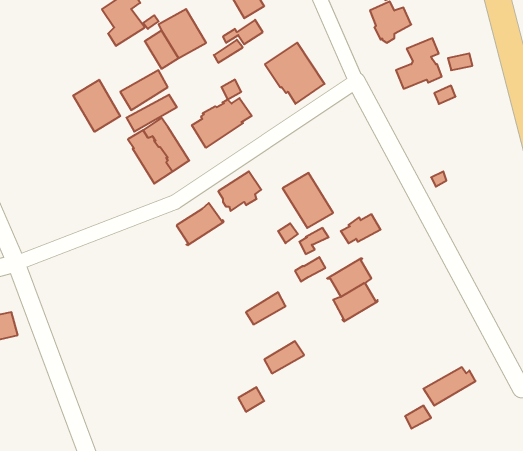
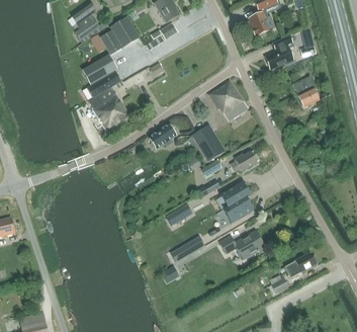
building: [265,43,325,104] -> [208,80,248,120]
building: [73,80,120,132] -> none
building: [192,98,252,148] -> none
building: none -> [296,76,320,107]
building: [177,203,223,245] -> none
building: none -> [218,231,266,259]

